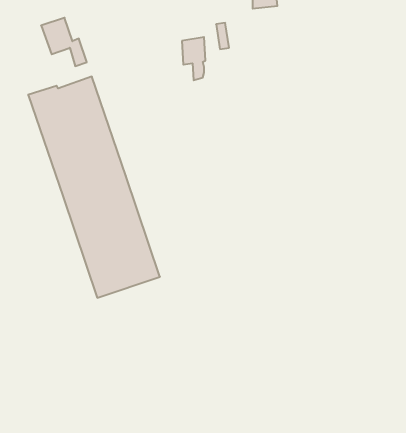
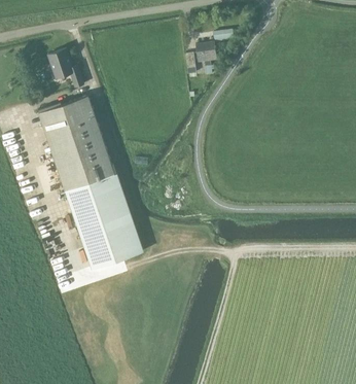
building: [182,37,205,80] -> [197,40,215,74]

